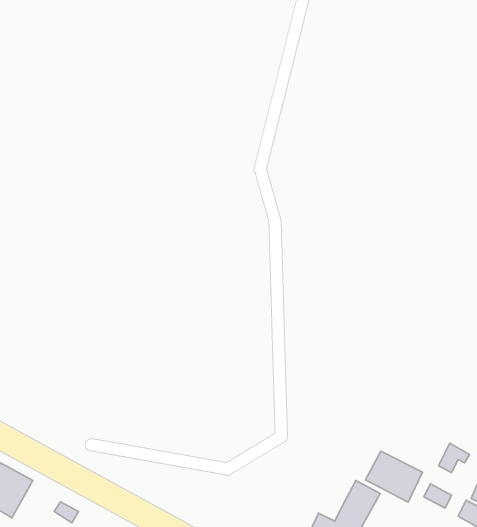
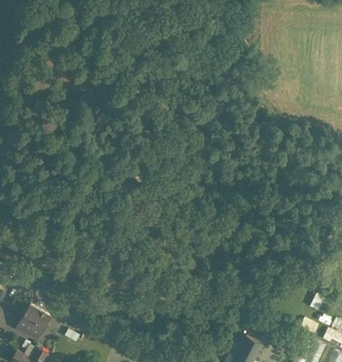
building: [365,451,422,502] -> none

